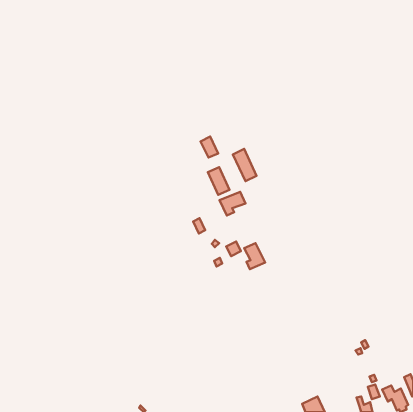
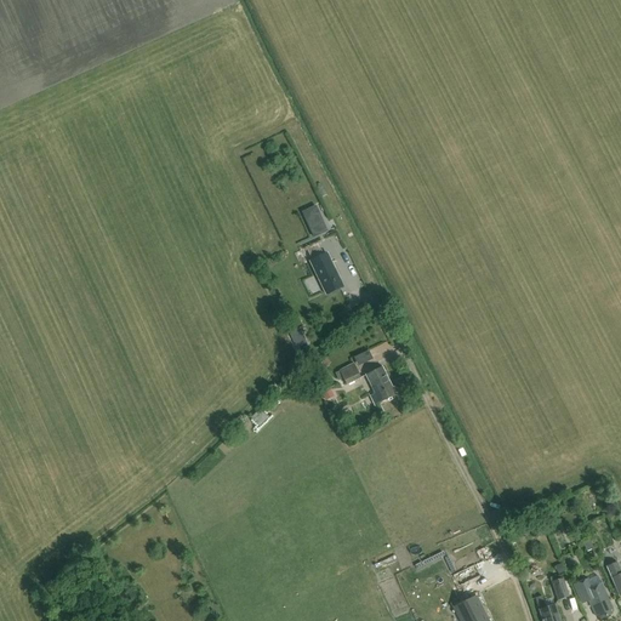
building: [233,149,256,181] -> none
building: [219,192,246,216] -> none

